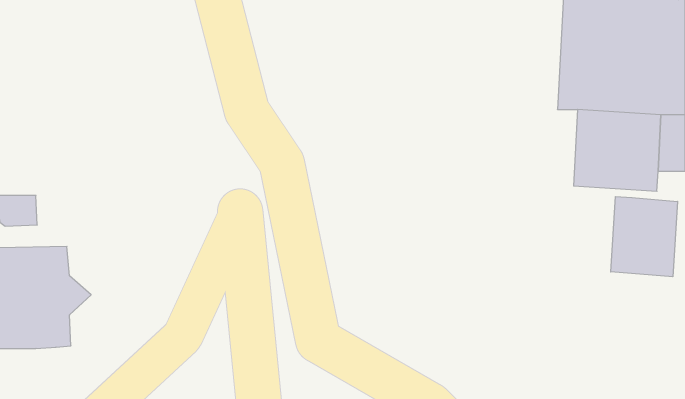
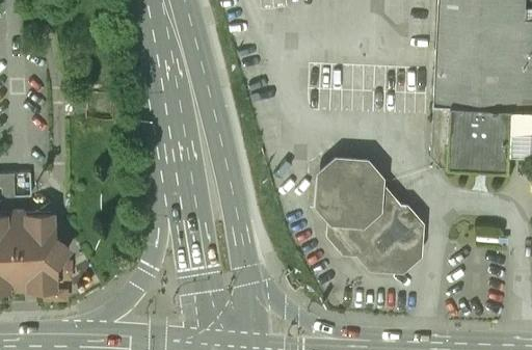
building: none -> [316,160,418,268]
building: [611,197,678,277] -> none

